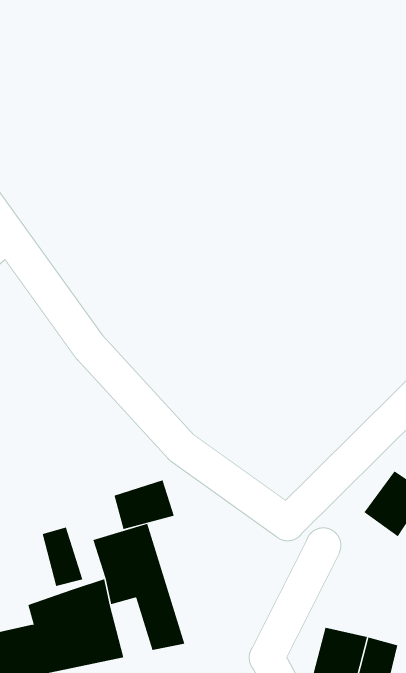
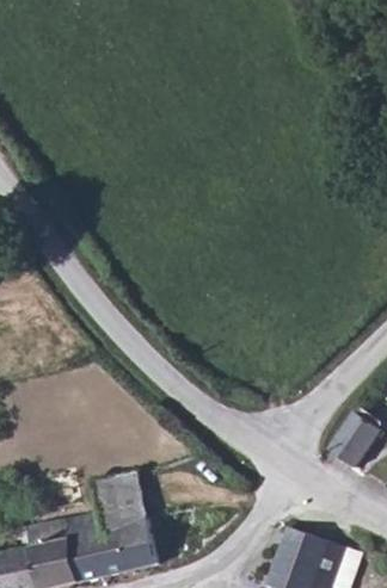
building: [114,479,174,530] -> none
building: [42,527,83,586] -> [106,521,142,572]

